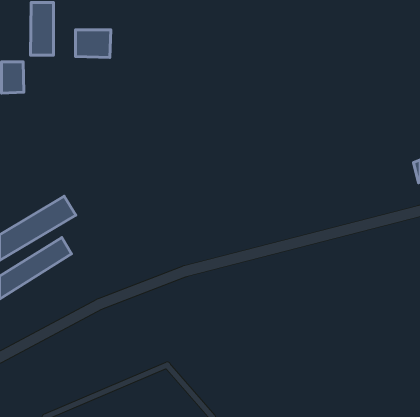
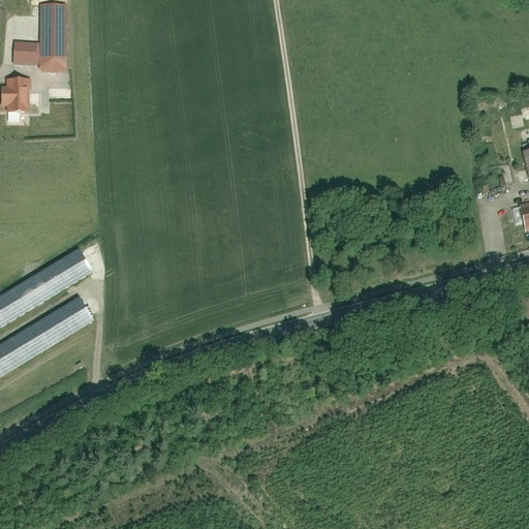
building: [76,30,111,58] -> none
building: none -> [12,40,36,62]

